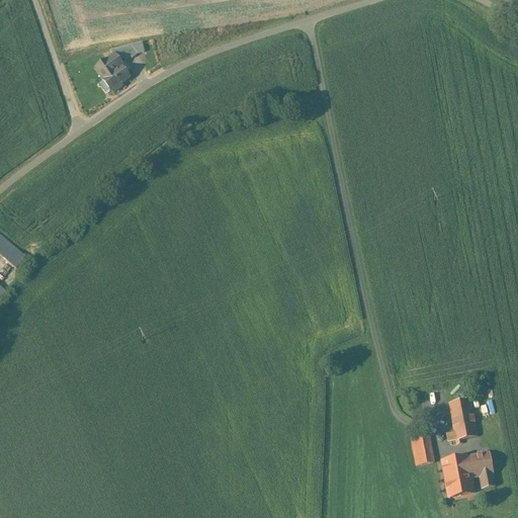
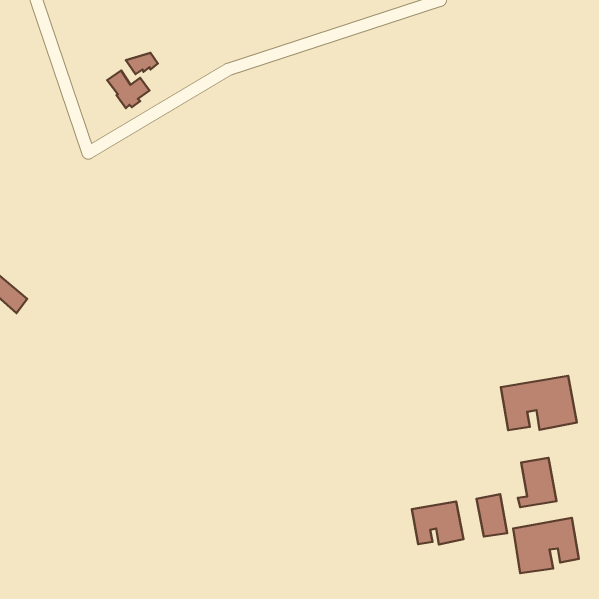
building: none -> [501,376,577,430]
building: none -> [412,502,464,545]

